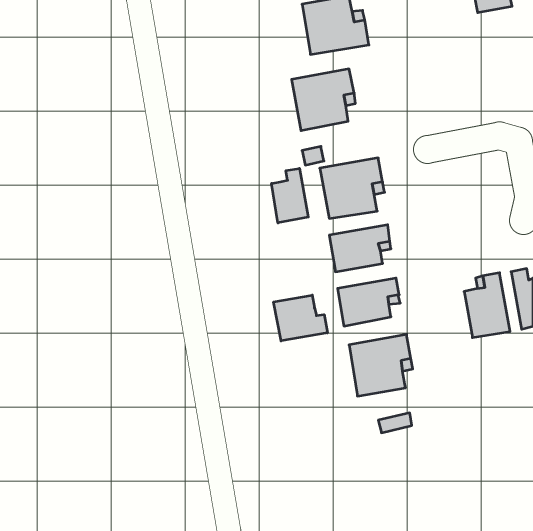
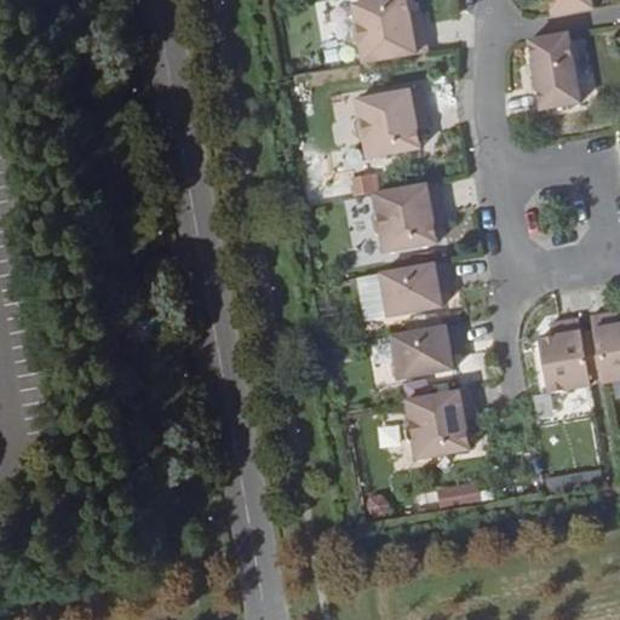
building: none -> [530,33,582,109]
building: [272,168,308,223] -> none
building: [274,295,327,341] -> none

